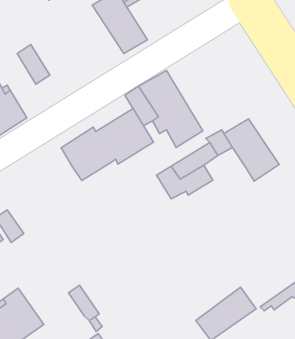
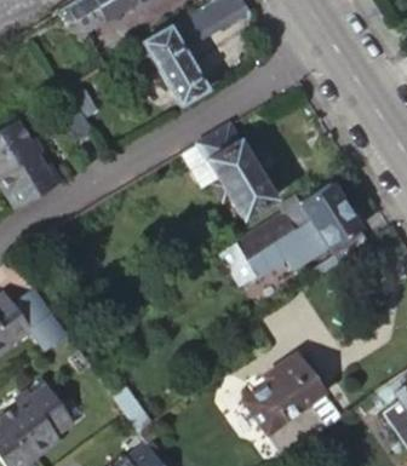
building: [61,109,153,180] -> none
building: none -> [279,218,329,265]
building: none -> [243,350,323,430]

